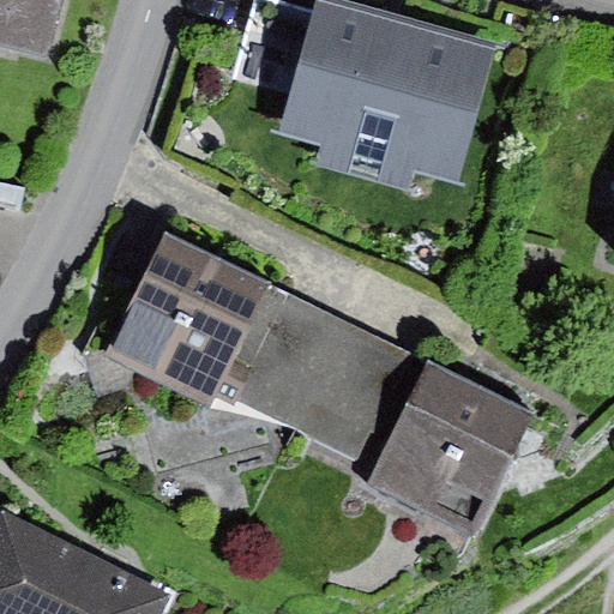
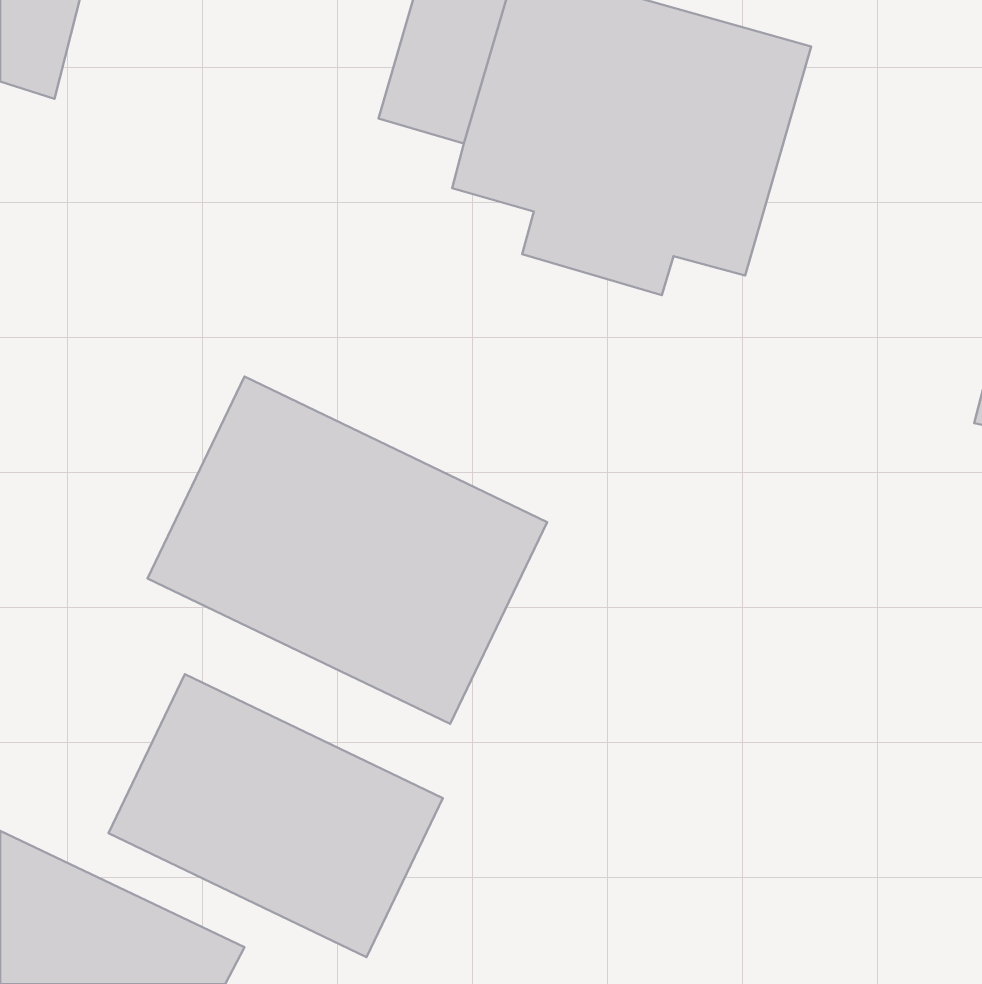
building: [284,323,532,537] -> none
building: none -> [108,674,443,957]

